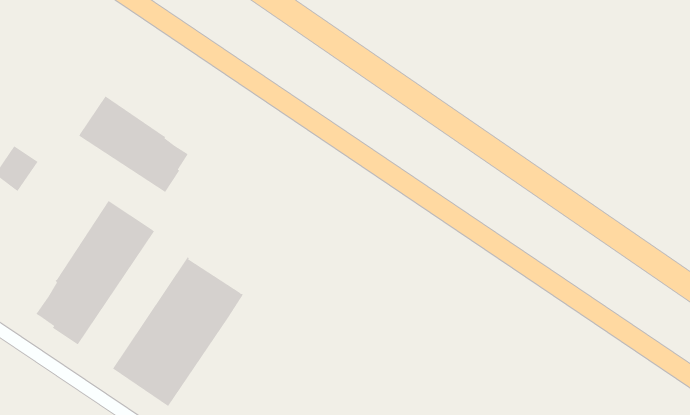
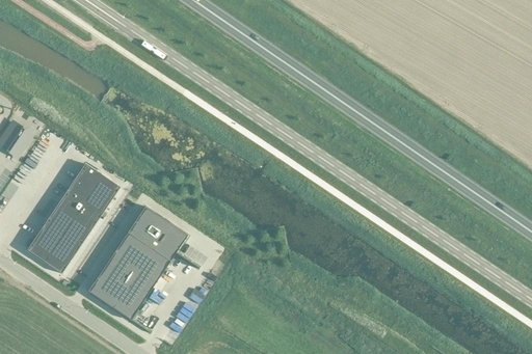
building: [79,96,189,193] -> none

